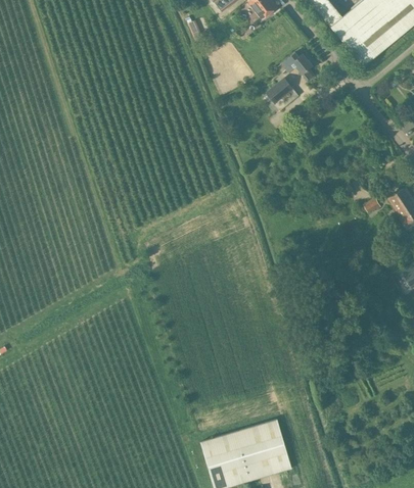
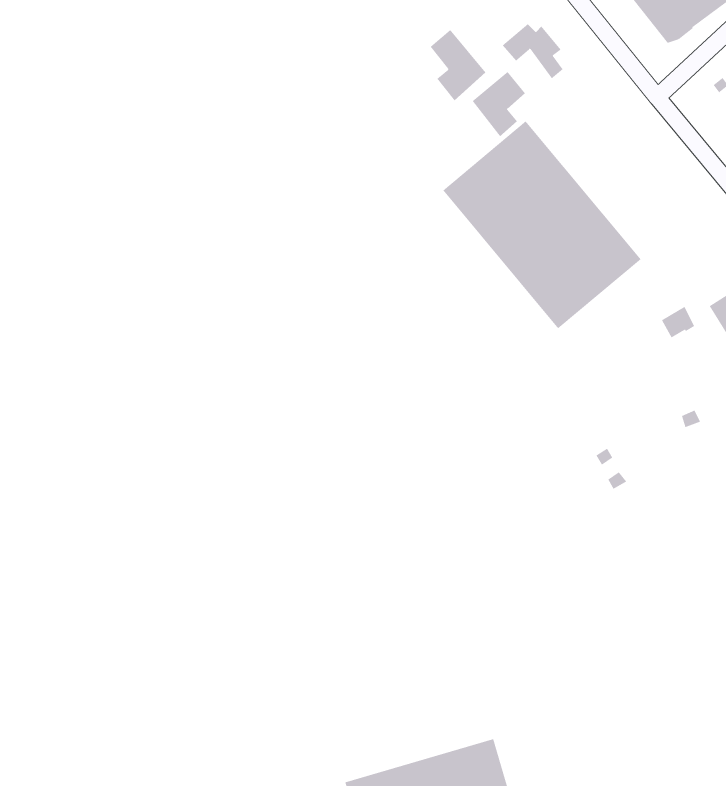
building: none -> [430,29,486,101]
building: none -> [442,121,641,329]

